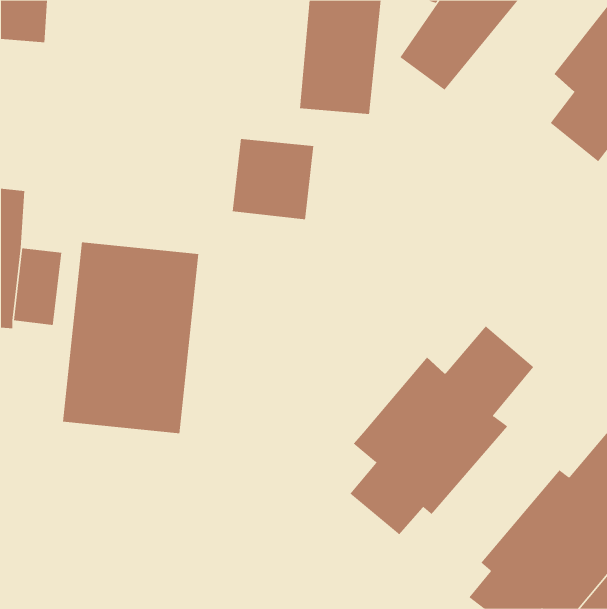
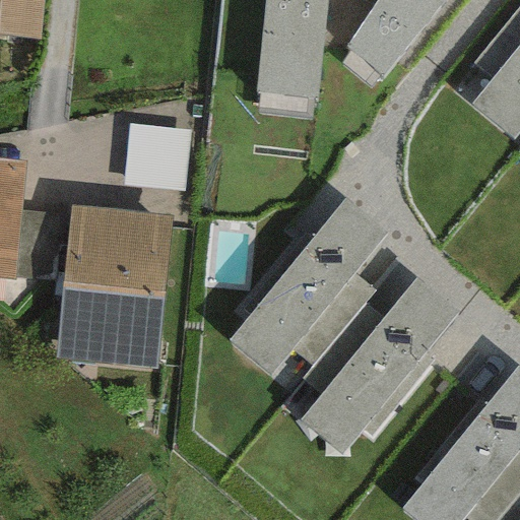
building: [232,139,314,220] -> [121,124,191,193]
building: none -> [228,200,387,378]

